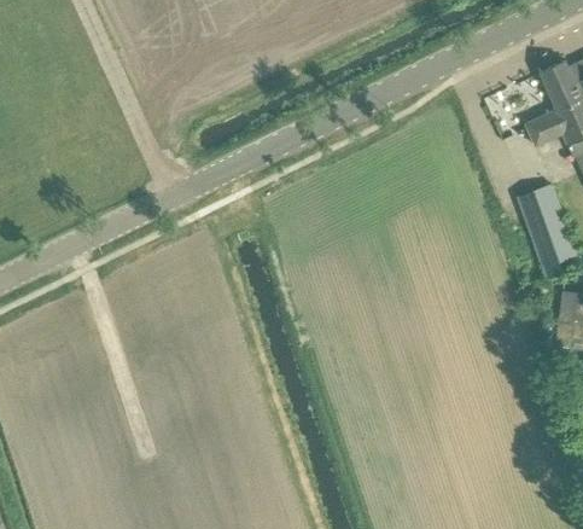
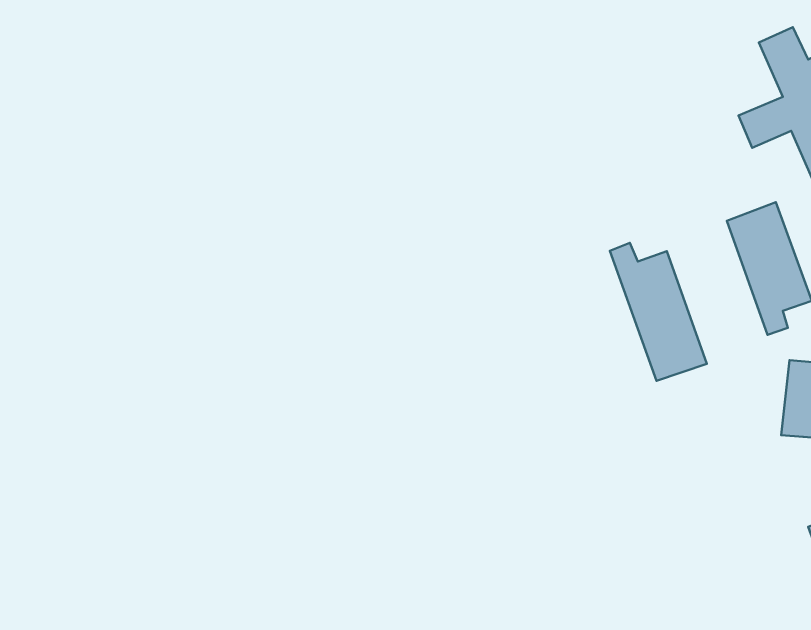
building: none -> [610,243,707,381]

